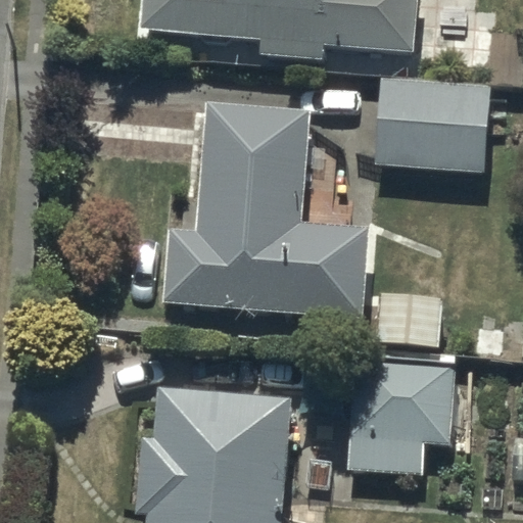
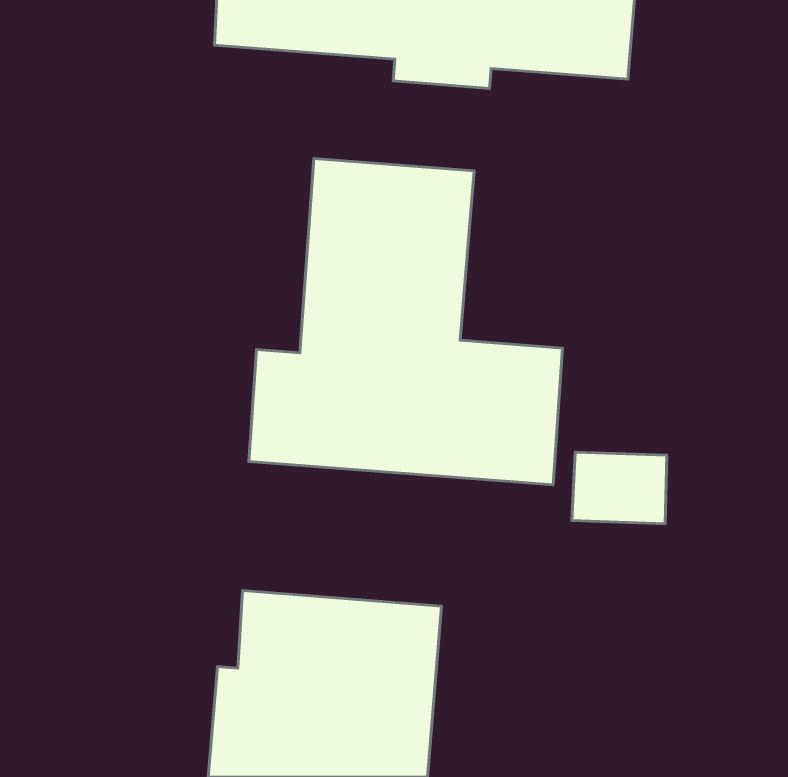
building: [374,77,490,171] -> none
building: [347,360,454,471] -> none

